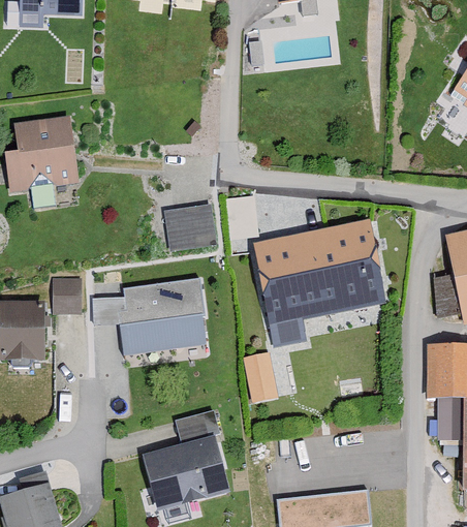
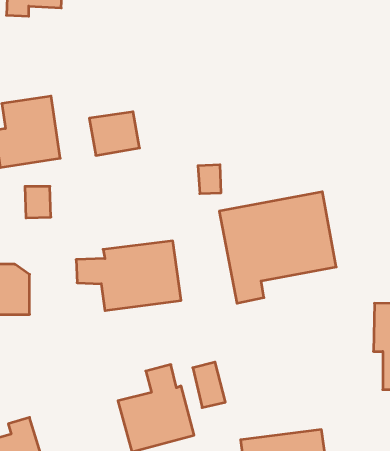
building: [160,205,216,253] -> [89,112,140,155]
building: [51,280,80,315] -> [25,186,51,218]
building: [246,350,282,401] -> [193,362,225,408]

